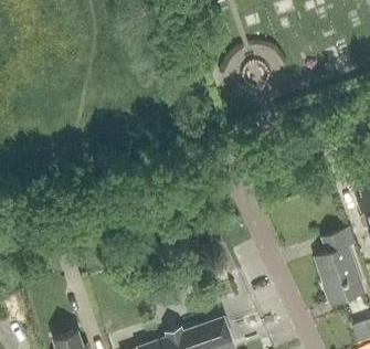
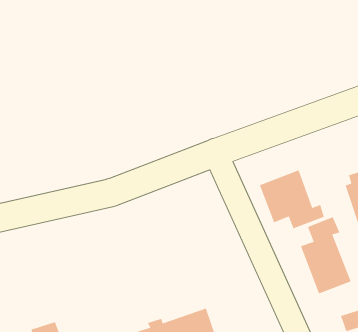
building: none -> [259,170,325,229]

